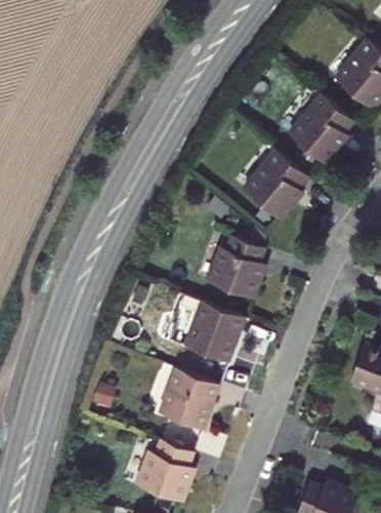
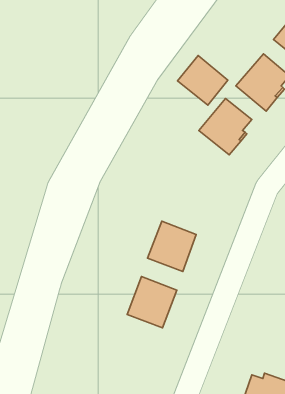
building: none -> [178,56,228,105]
building: [207,236,263,298] -> none
building: [135,439,194,501] -> none

